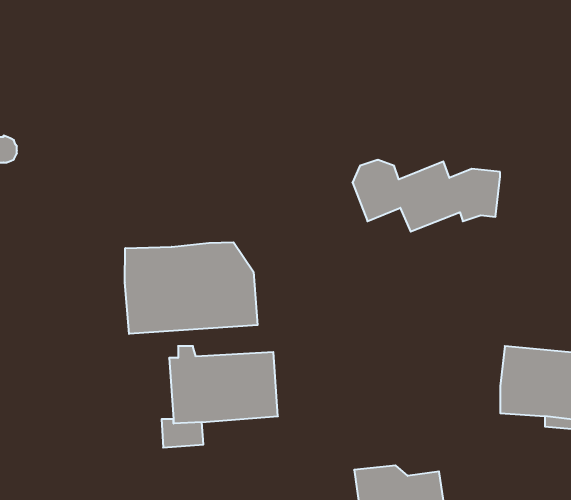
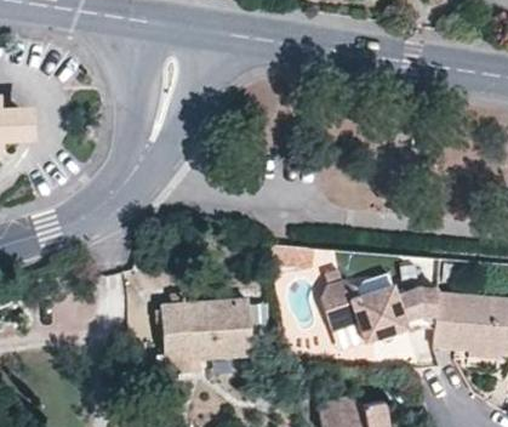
building: [352,160,500,232] -> [318,279,438,337]
building: [125,242,258,334] -> none

